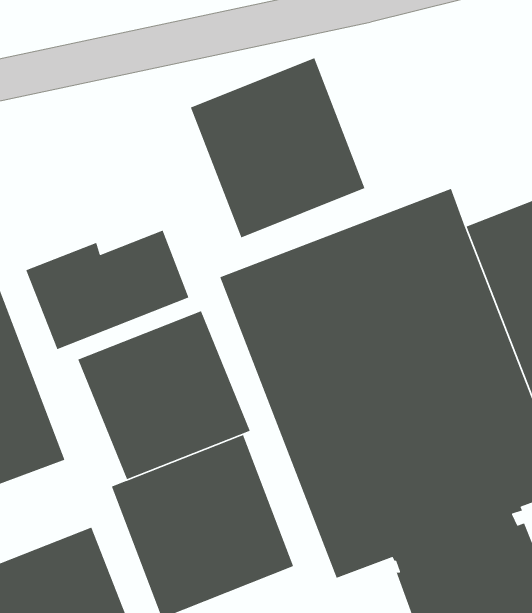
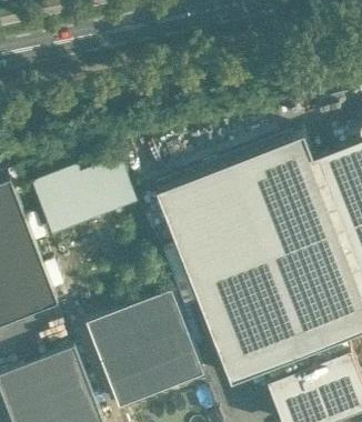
building: [190,57,366,238] -> none
building: [77,310,251,480] -> none

